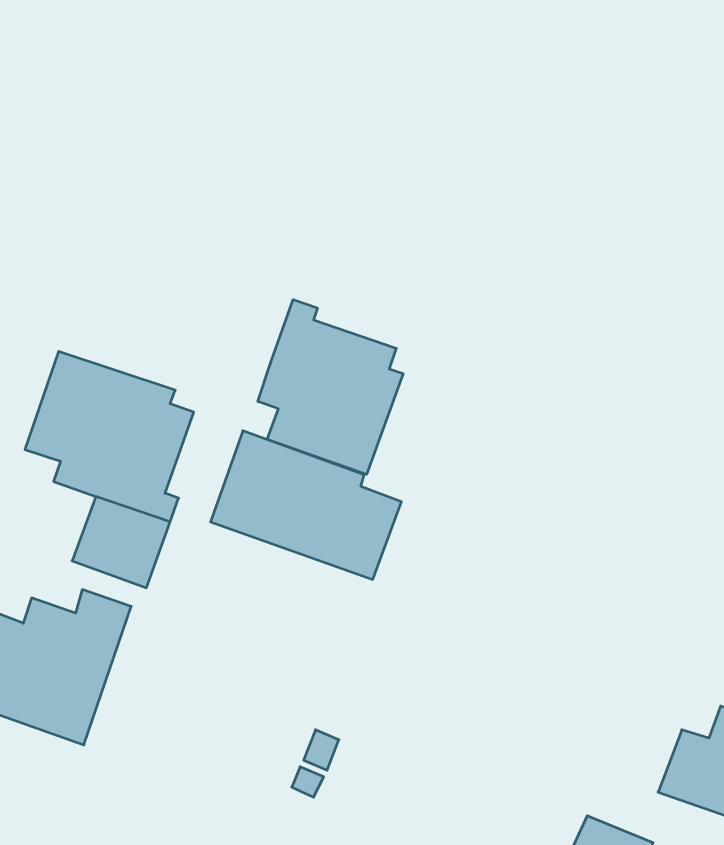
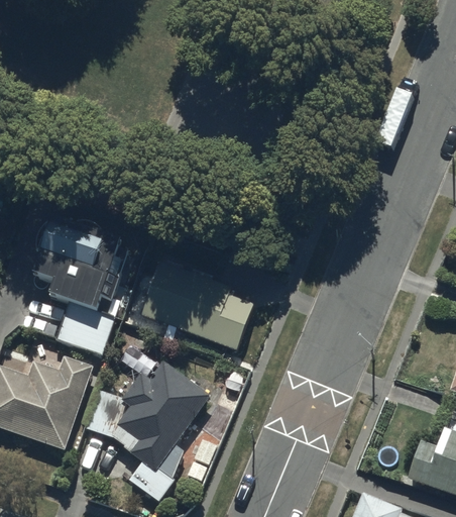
building: [258,300,403,474] -> none
building: none -> [86,361,210,500]

